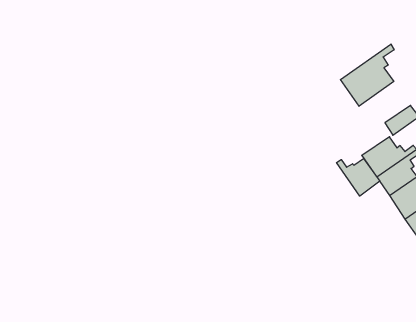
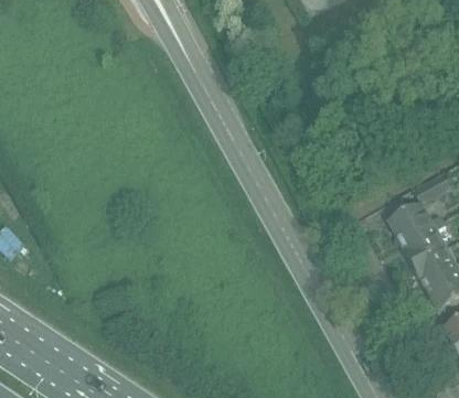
building: [340,44,394,106] -> none
building: [337,158,380,196] -> none

